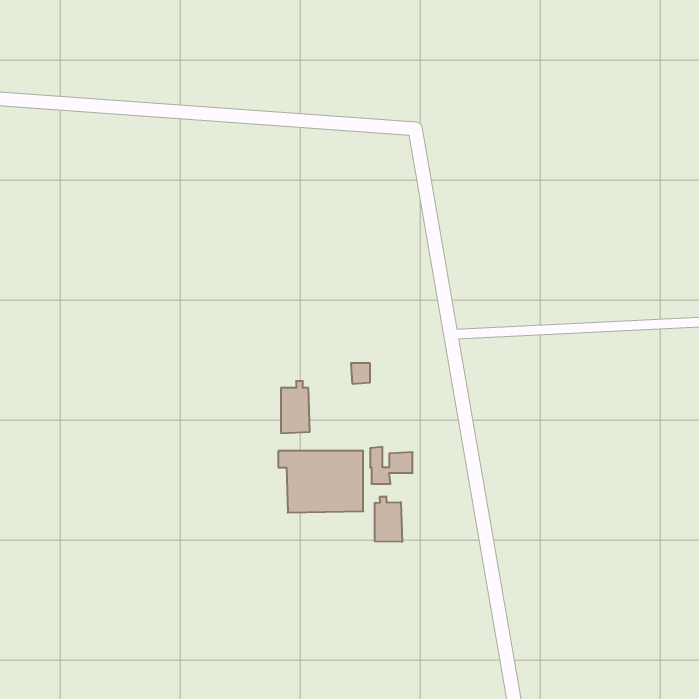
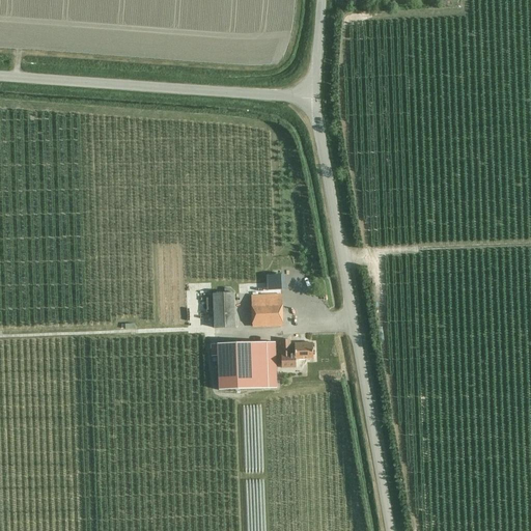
building: none -> [250,294,280,326]
building: [375,496,402,542] -> none

